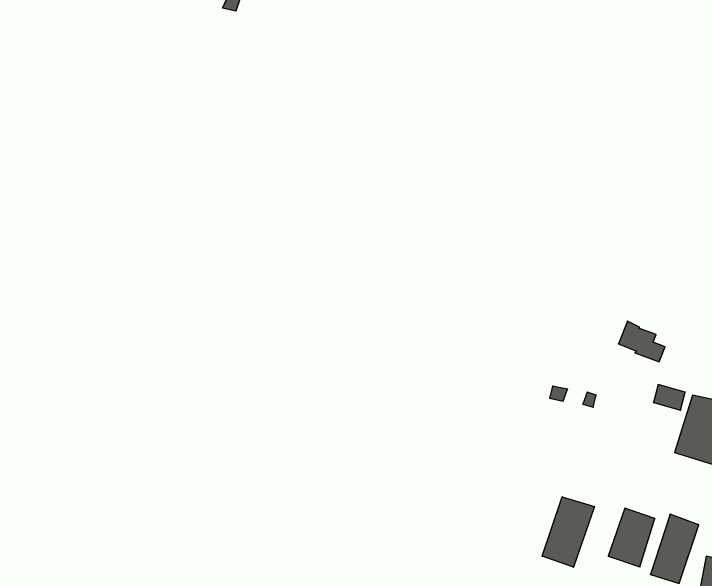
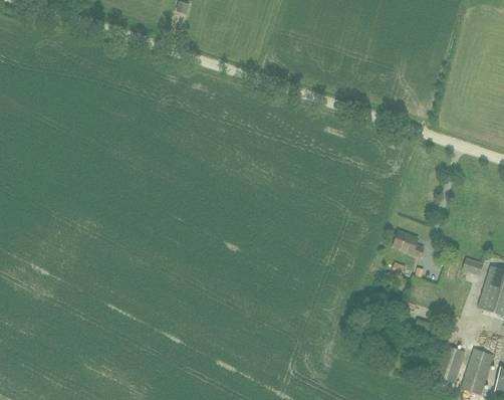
building: [618,321,665,362] -> [392,229,423,256]
building: [542,497,594,567] -> none

